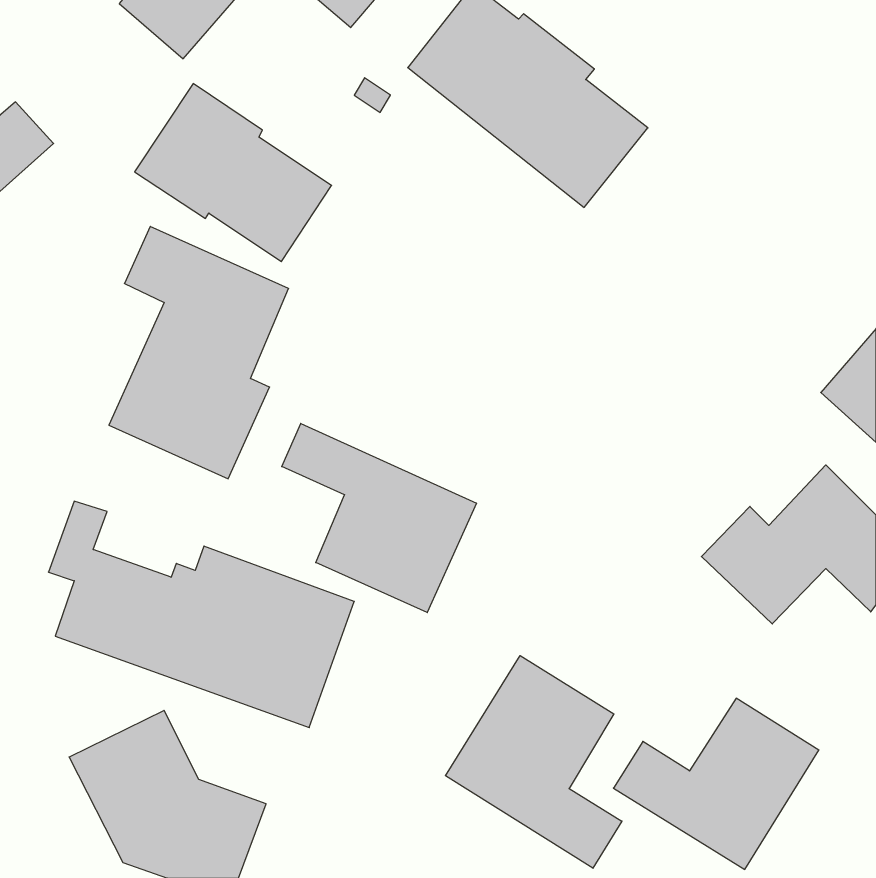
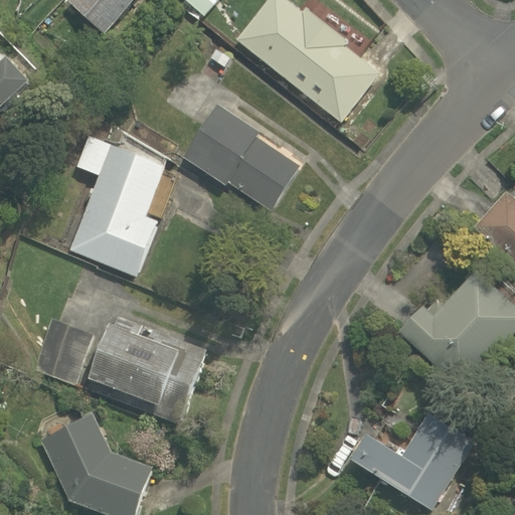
building: [135,84,332,262] -> [183,105,298,208]
building: [282,423,476,613] -> none
building: [445,656,622,868] -> none

